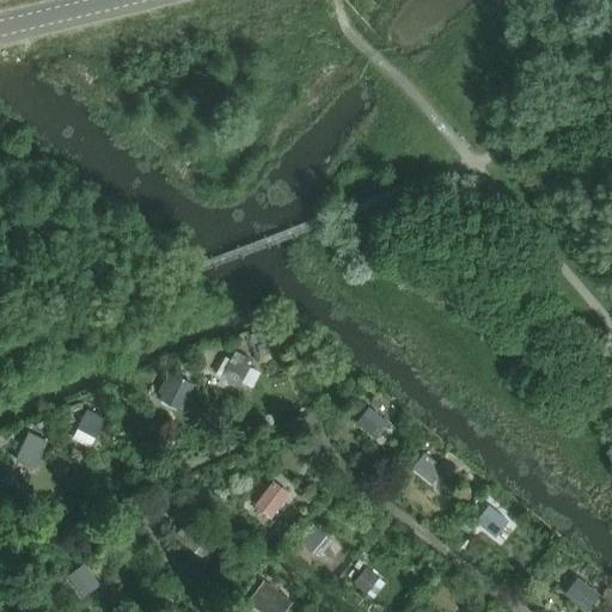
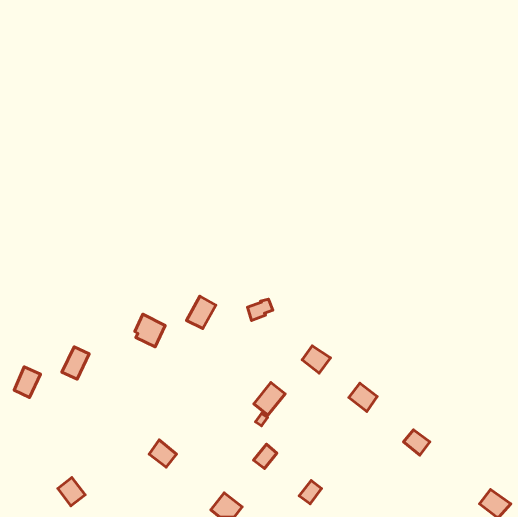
building: [253,481,290,519] -> [254,383,285,415]

